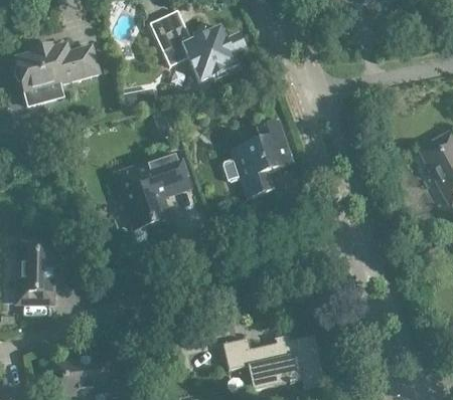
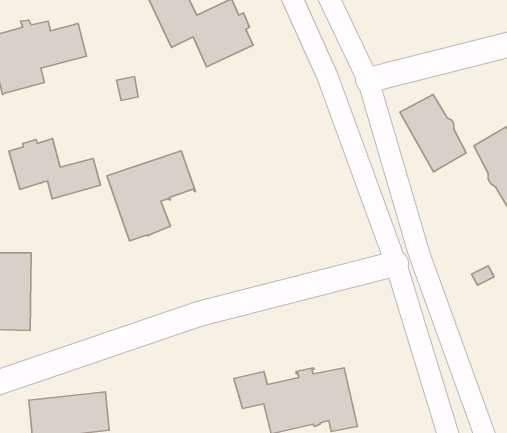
building: none -> [400,94,466,172]
building: [222,121,292,198] -> none
building: none -> [9,139,100,199]

